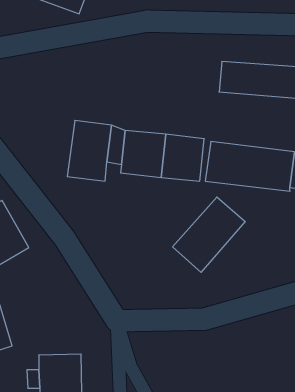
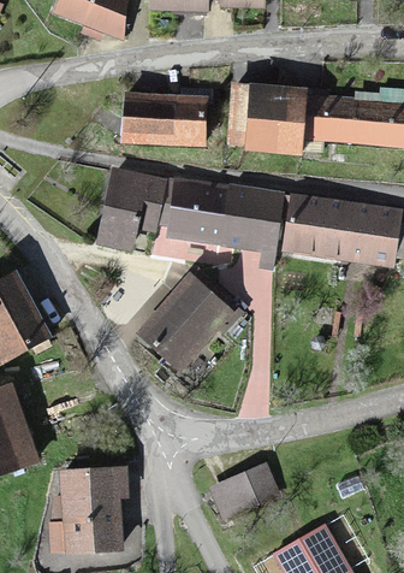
building: none -> [225,85,302,155]
building: none -> [123,94,201,147]
building: [173,197,245,272] -> [141,267,236,366]
building: none -> [210,463,280,518]

